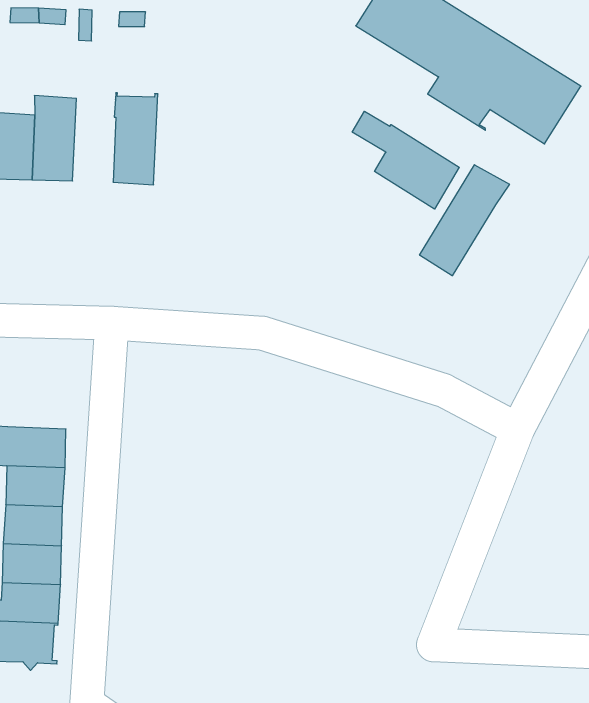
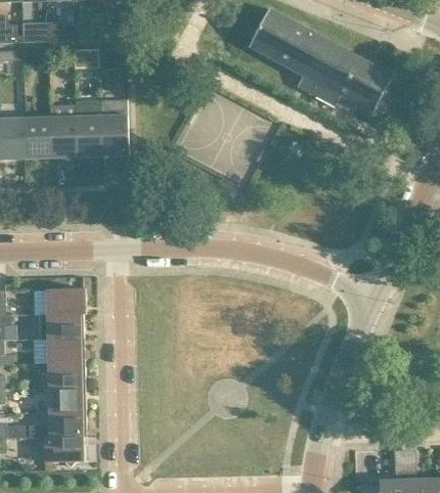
building: none -> [76,103,102,156]
building: [352,111,459,209] -> none
building: [420,165,509,276] -> none
building: none -> [46,287,87,314]

